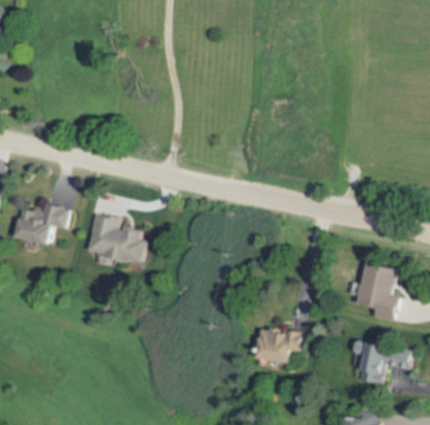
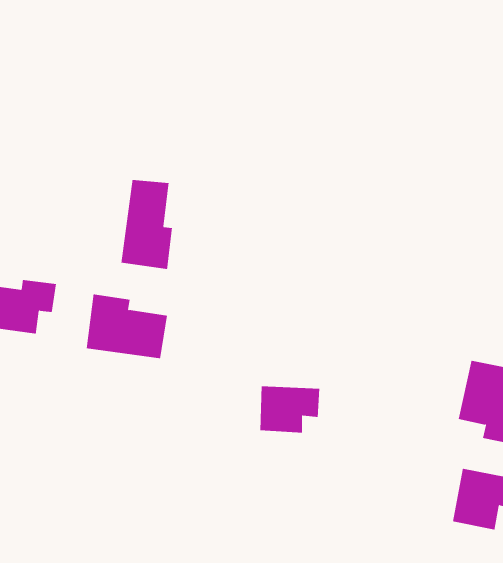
building: none -> [121,179,172,270]
building: [258,329,302,363] -> [259,386,320,433]

